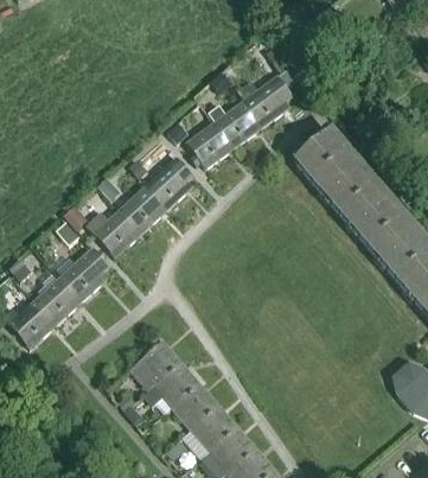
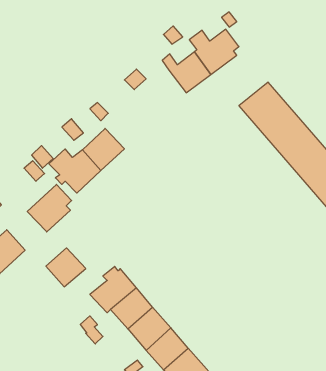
building: [186,121,235,167] -> none
building: [146,157,193,208] -> none
building: [38,276,82,319] -> [46,248,86,287]

